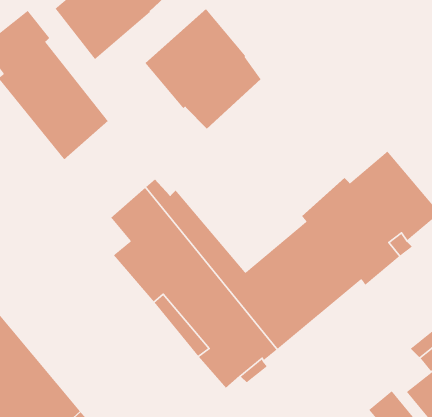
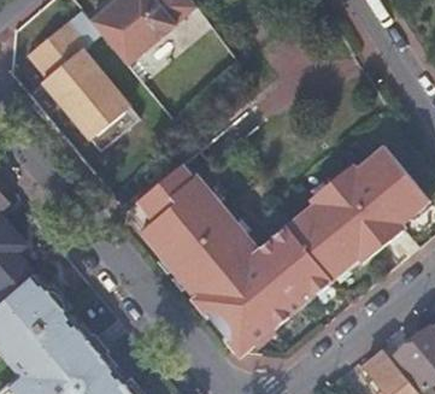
building: [144,8,261,130] -> none

